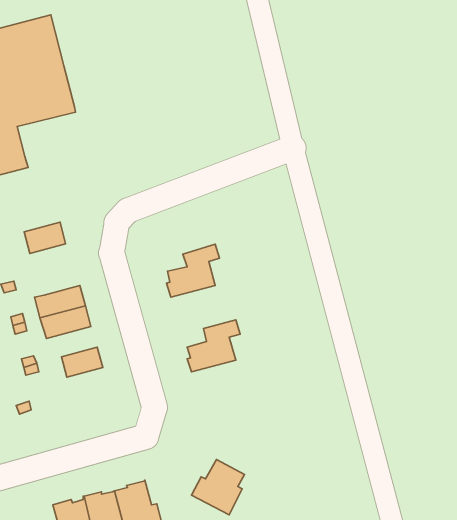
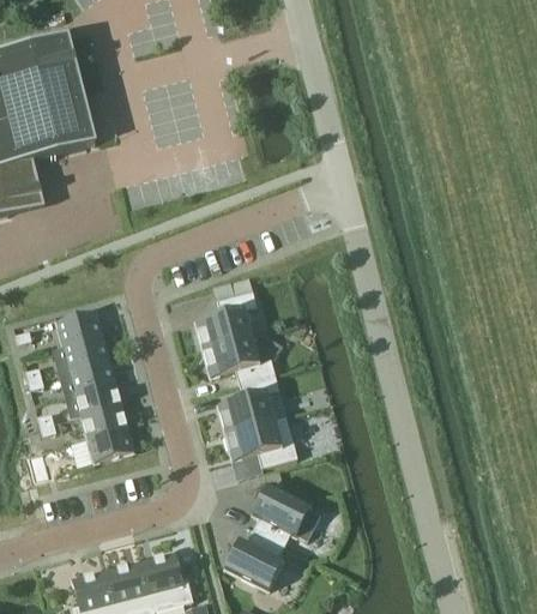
building: [24,222,65,254] -> [56,309,102,344]
building: none -> [203,333,274,381]
building: none -> [65,379,121,415]
building: none -> [225,416,297,465]
building: none -> [88,425,133,459]
building: none -> [253,483,320,543]

